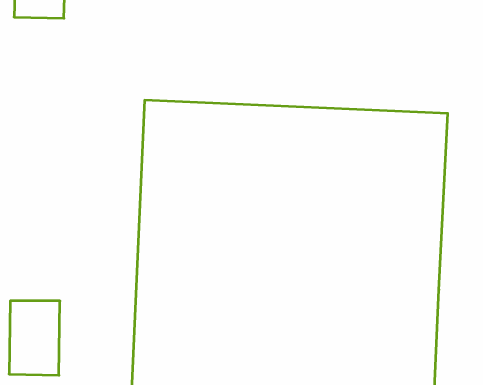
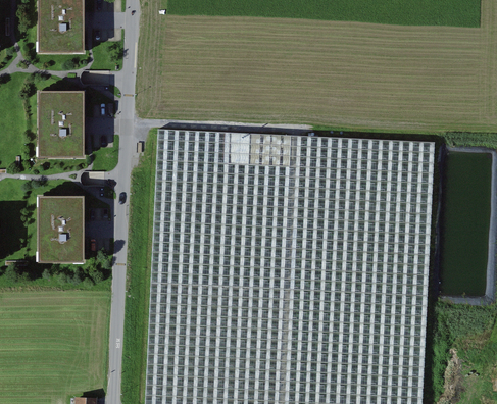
building: none -> [39,91,85,155]
building: [9,301,60,375] -> [37,196,84,264]

